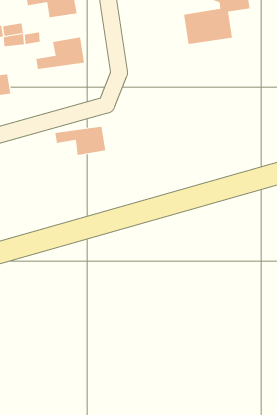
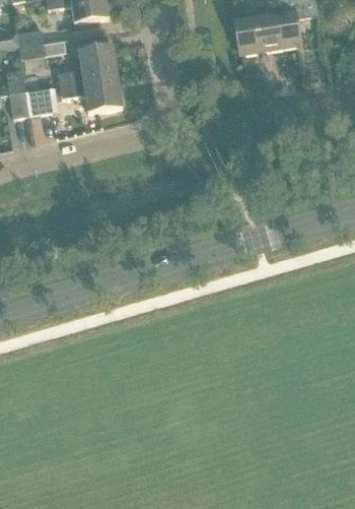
building: none -> [24,86,53,115]
building: [54,126,106,155] -> [60,77,123,113]

